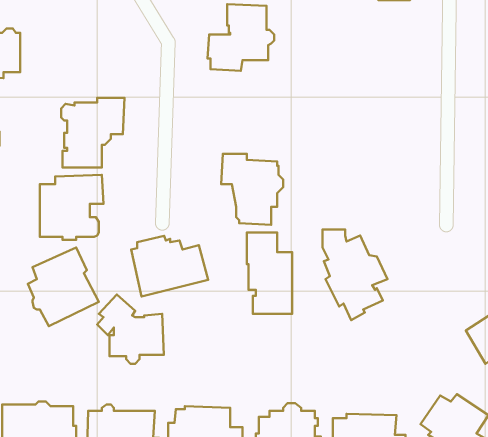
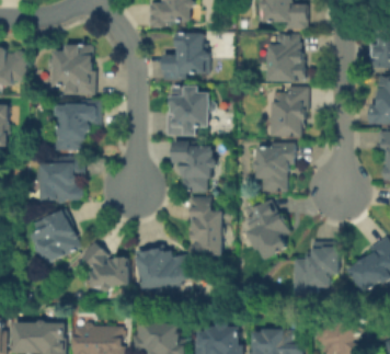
building: none -> [267,34,306,81]
building: none -> [47,44,95,95]
building: none -> [165,85,208,136]
building: none -> [272,87,309,136]
building: none -> [253,142,296,192]
building: [131,236,208,296] -> [136,248,192,292]
building: none -> [295,241,339,296]

